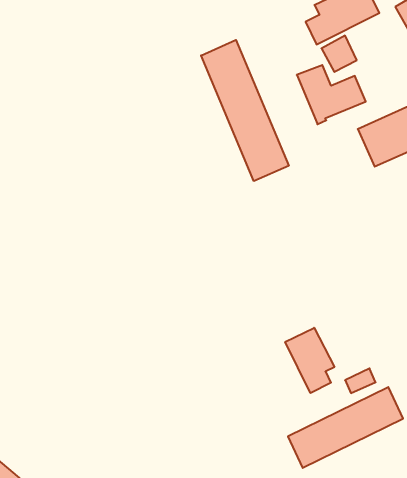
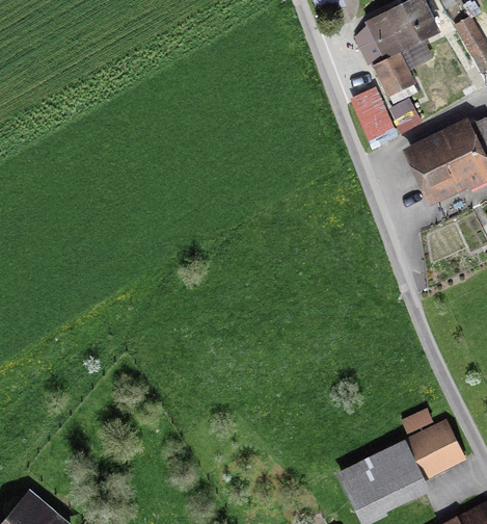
building: [201,40,289,181] -> none
building: [285,328,334,393] -> none

